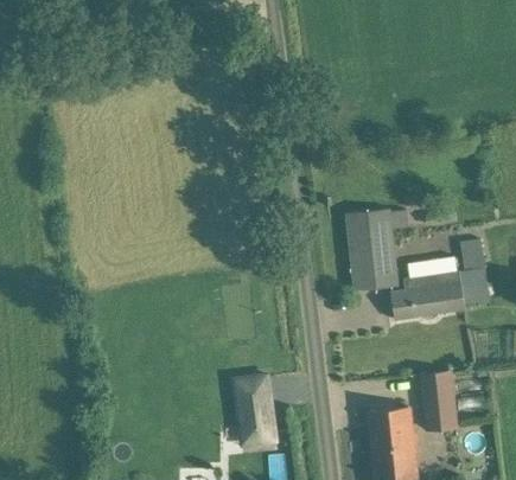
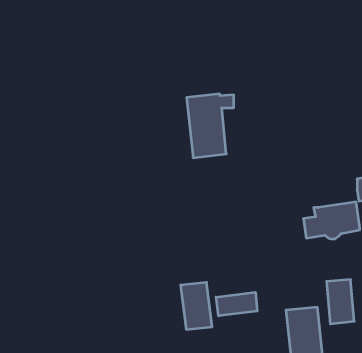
building: [346,209,407,290] -> [187,94,234,158]
building: none -> [216,292,257,316]

